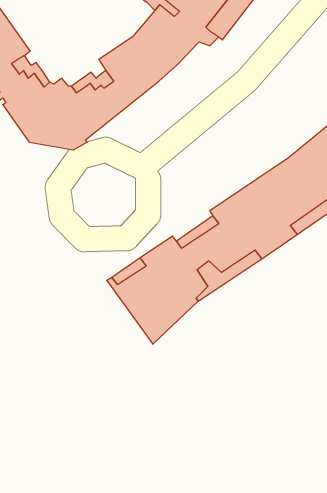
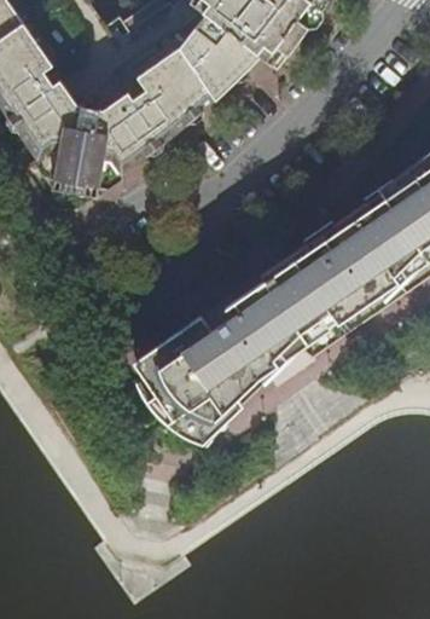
building: none -> [132,349,239,442]

